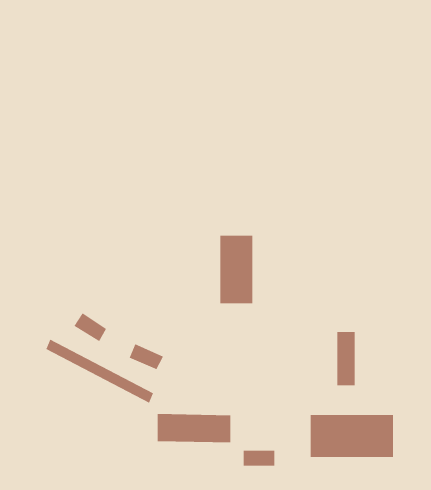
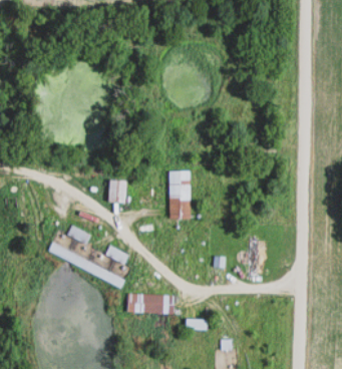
building: none -> [106,180,127,203]
building: [310,414,393,458] -> none

